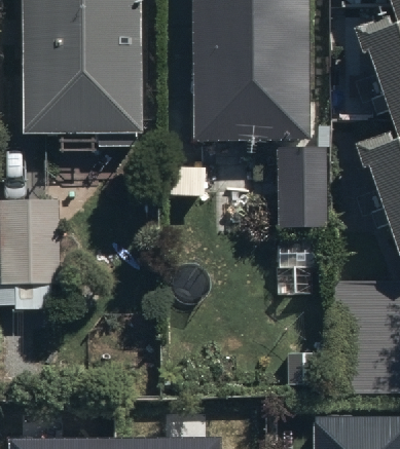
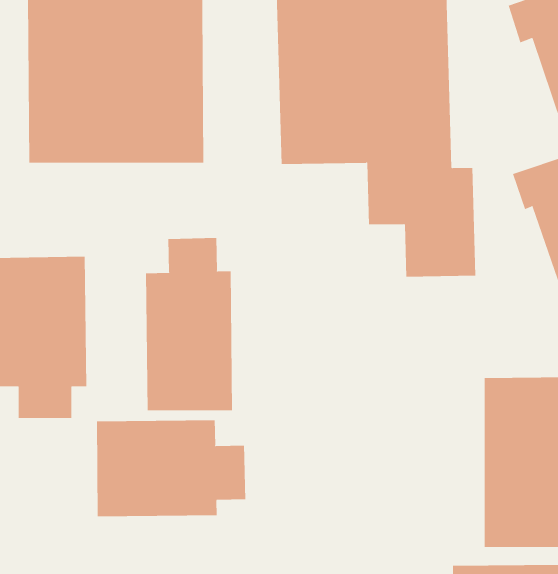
building: none -> [145,237,233,411]
building: none -> [96,420,246,517]

